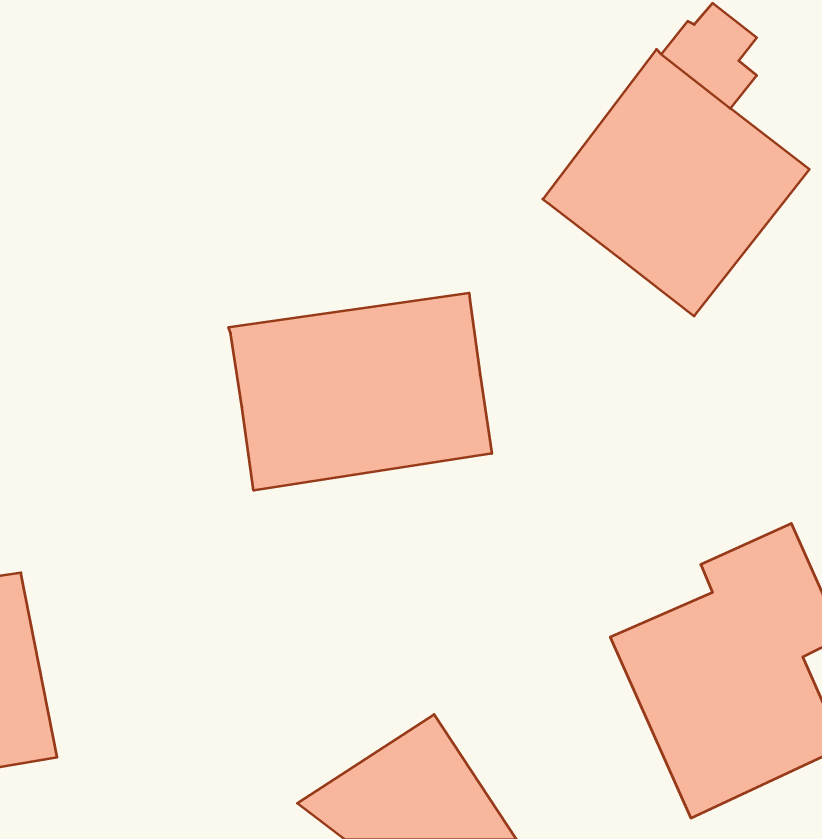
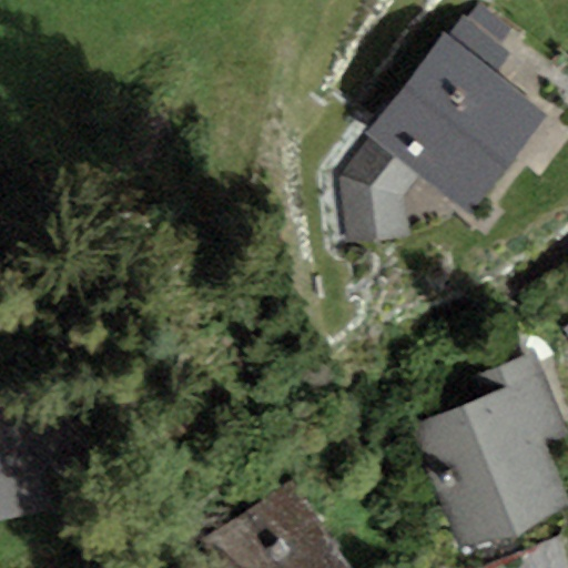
building: none -> [337,139,418,246]
building: [229,293,492,490] -> none

